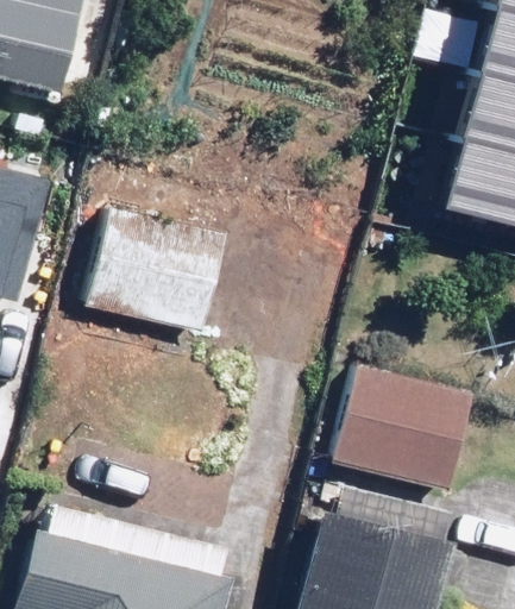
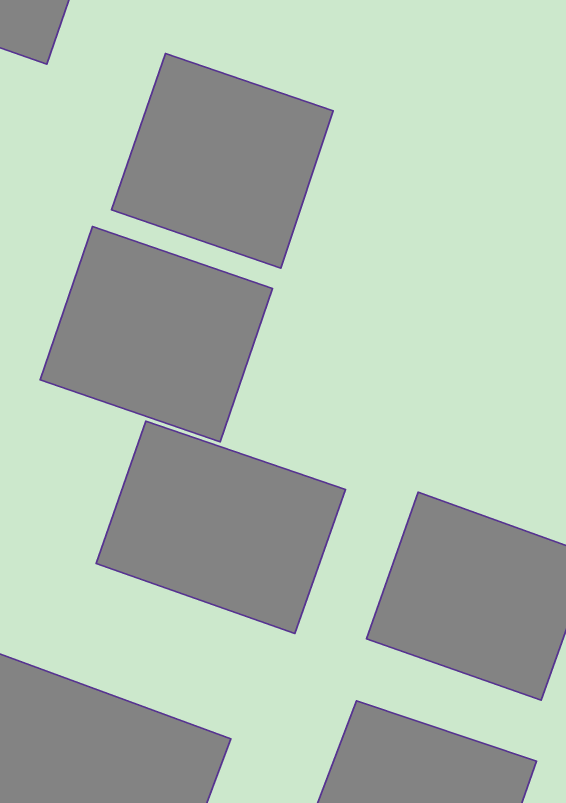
building: none -> [112,53,333,268]
building: none -> [96,421,345,633]

